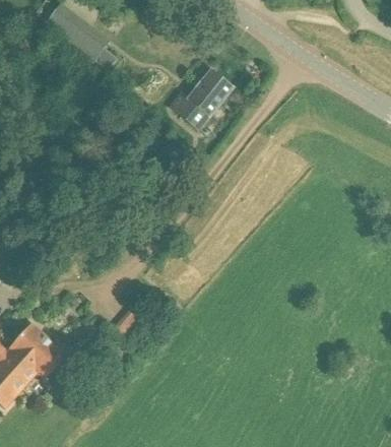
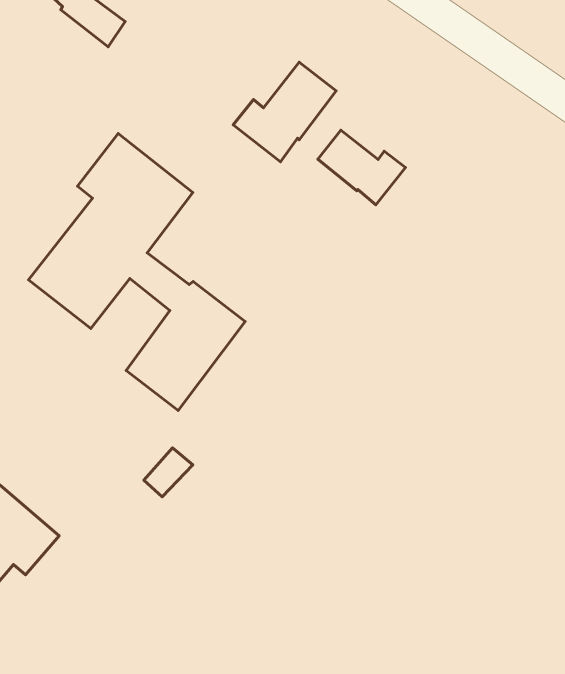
building: none -> [318,130,405,205]
building: none -> [29,134,245,411]

